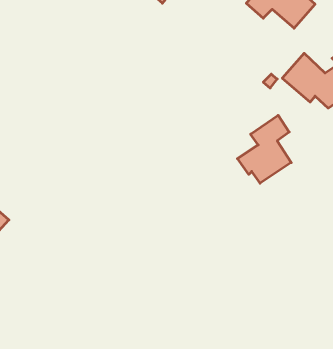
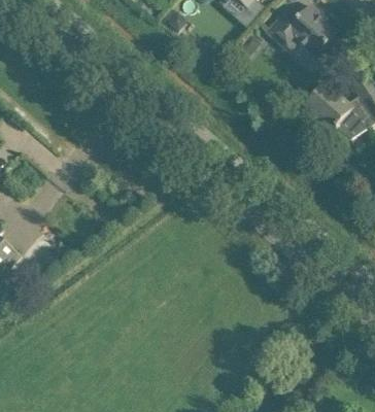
building: [237,115,291,183] -> none

